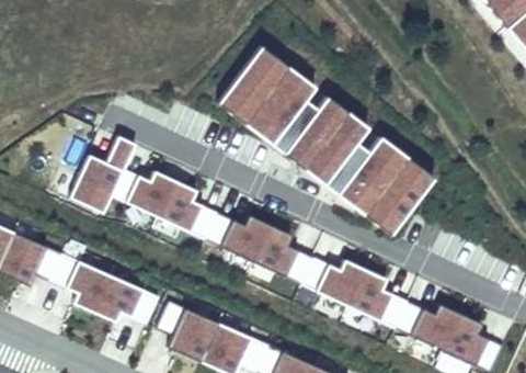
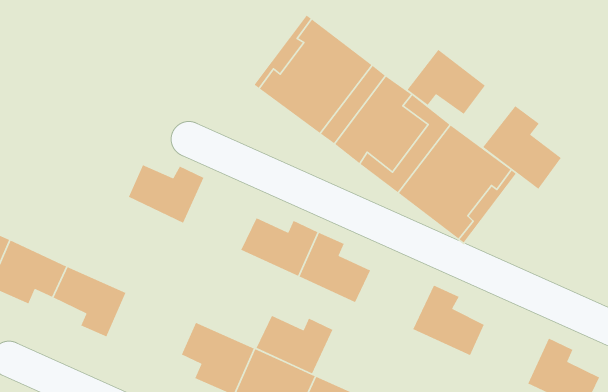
building: none -> [407,49,486,115]
building: none -> [482,105,562,190]
building: [70,136,137,214] -> none
building: [159,180,219,240] -> none
building: [301,257,366,306] -> [256,315,334,374]
building: [95,275,160,324] -> none
building: [397,302,461,351] -> none

